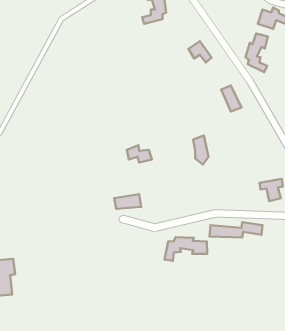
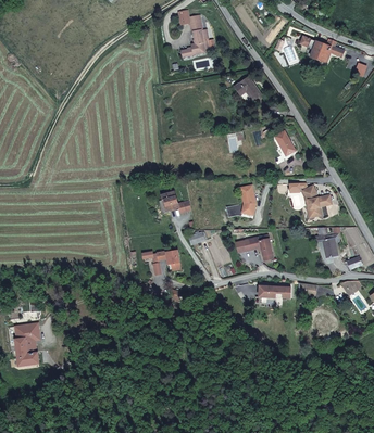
building: [245,34,268,72] -> none
building: none -> [302,186,329,217]
building: none -> [239,232,274,262]
building: [165,237,207,261] -> none

